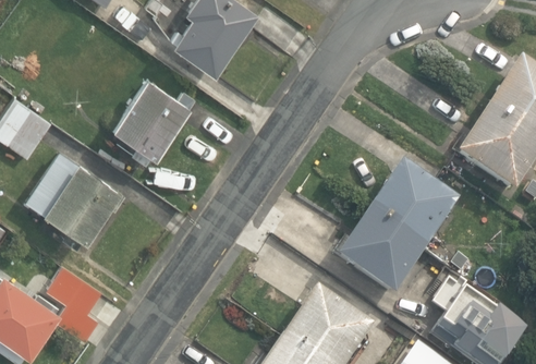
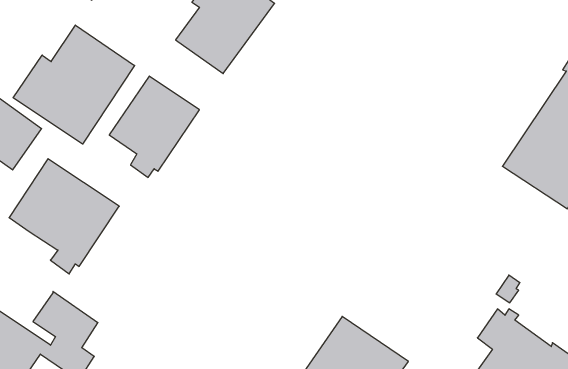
building: none -> [13,25,135,144]
building: [334,162,458,298] -> none

